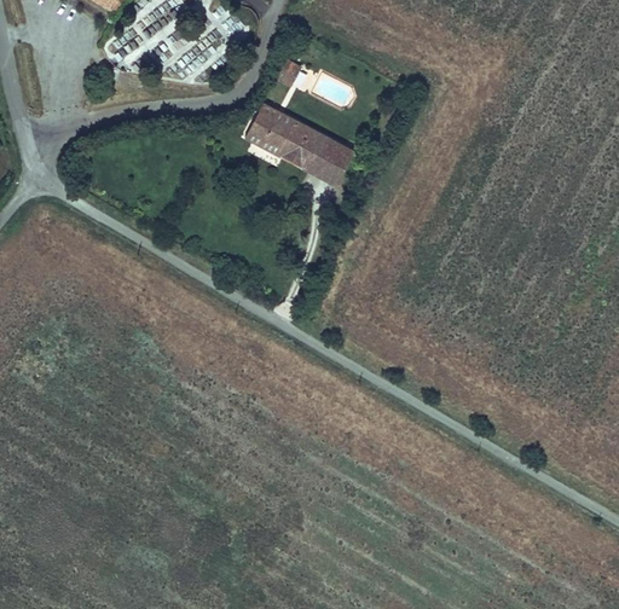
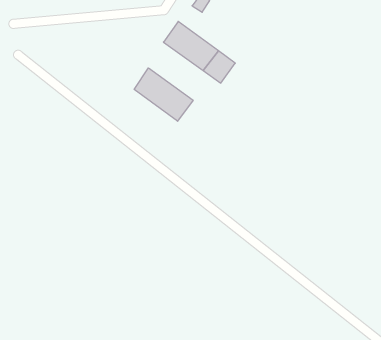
building: none -> [134,68,193,121]

